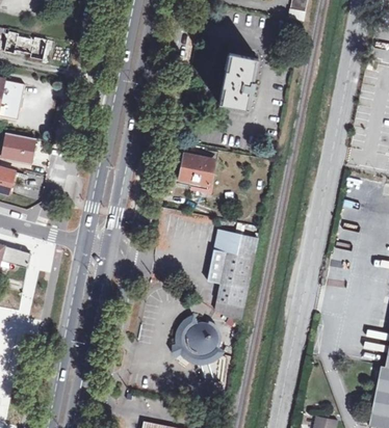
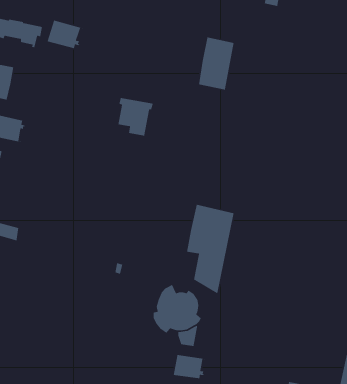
building: none -> [47,19,84,49]
building: [181,149,219,190] -> [117,97,154,137]
building: none -> [173,354,206,379]

